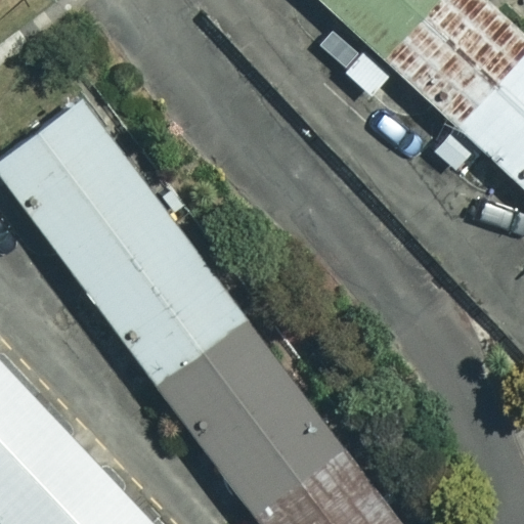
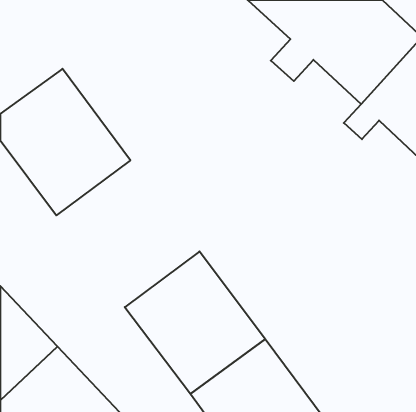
building: [75,209,253,392] -> none

